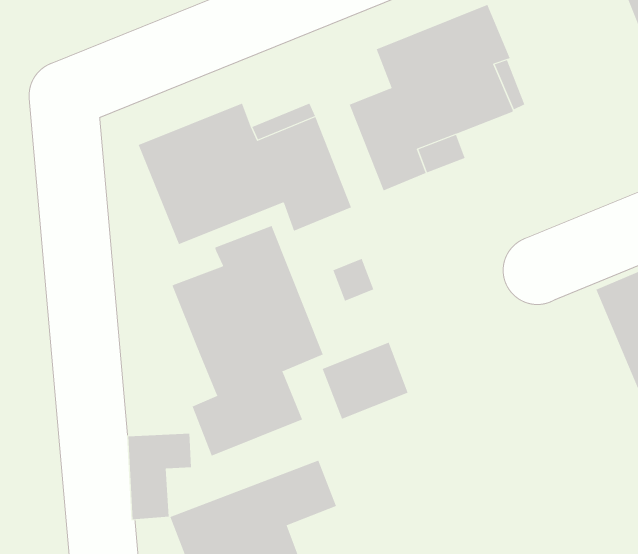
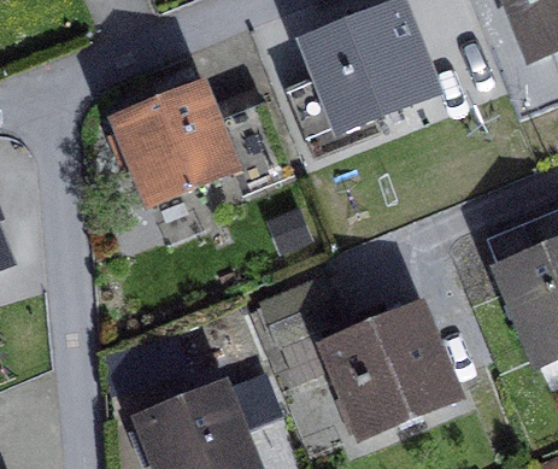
building: [172,225,324,457] -> none
building: none -> [323,310,452,435]

